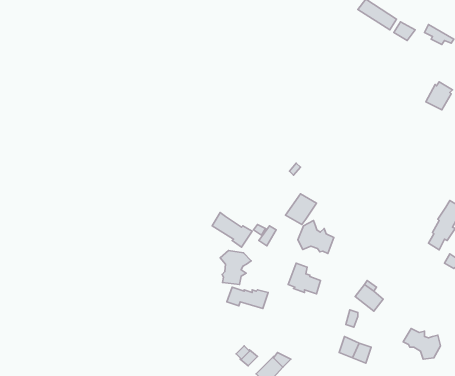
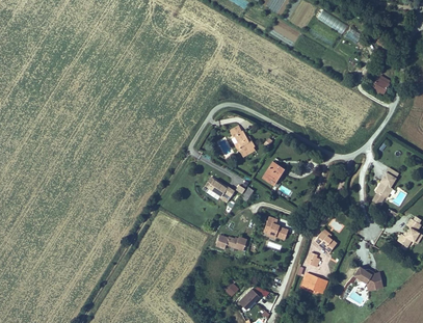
building: none -> [229,124,255,156]
building: [298,220,334,254] -> none
building: [220,251,251,284] -> none

